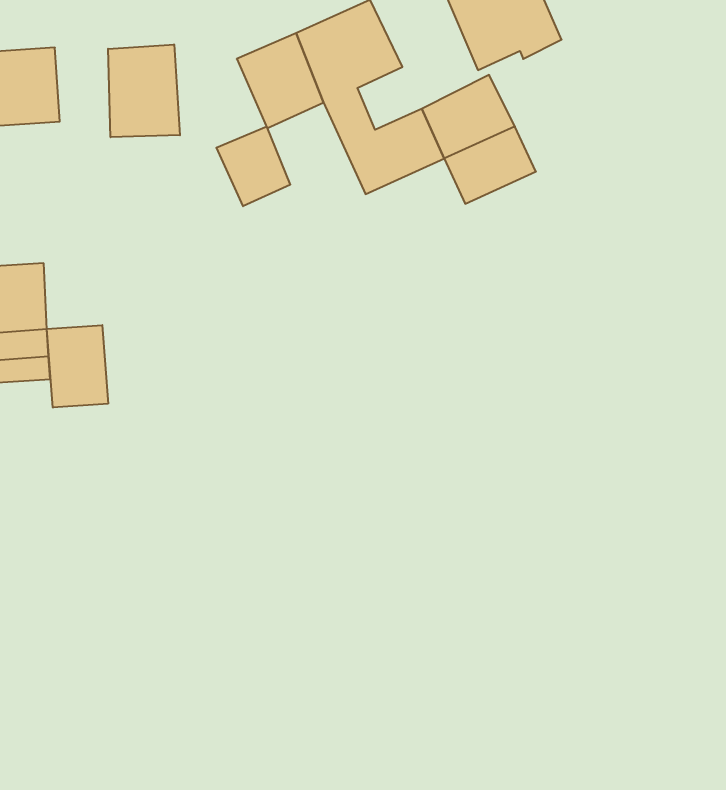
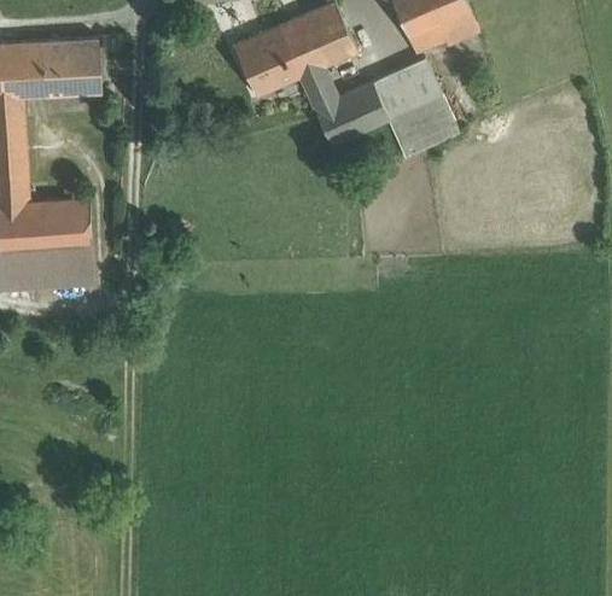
building: [108,44,180,137] -> none
building: [216,127,290,206] -> none
building: [47,325,108,408] -> none

